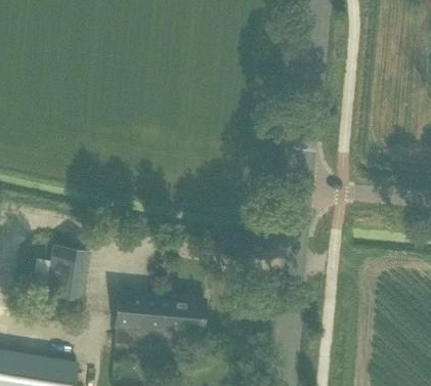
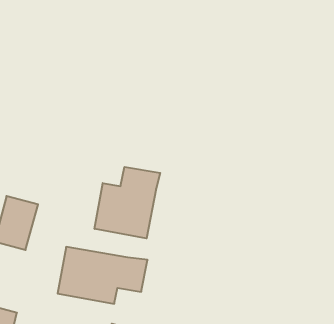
building: none -> [95,167,160,238]

